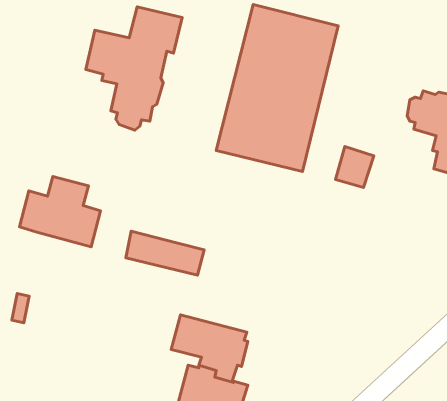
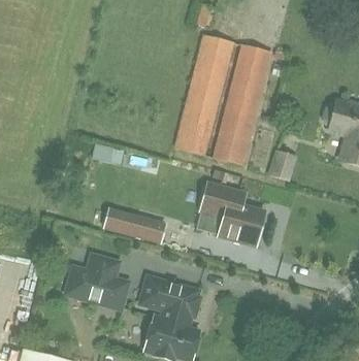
building: [86,7,182,130] -> none
building: [20,176,100,247] -> [66,254,129,308]
building: none -> [201,184,265,243]

